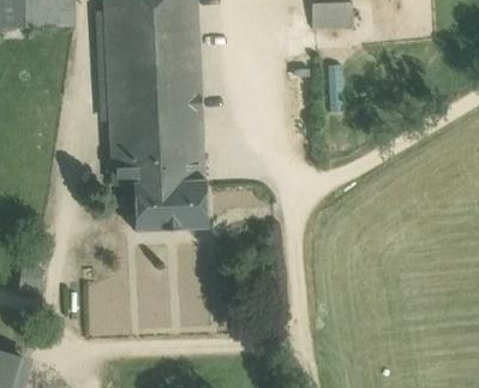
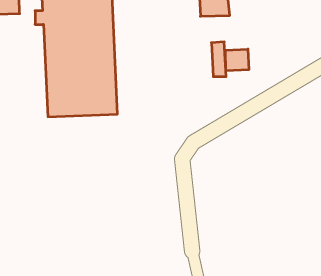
building: none -> [226,49,249,71]
building: [112,157,206,229] -> none

